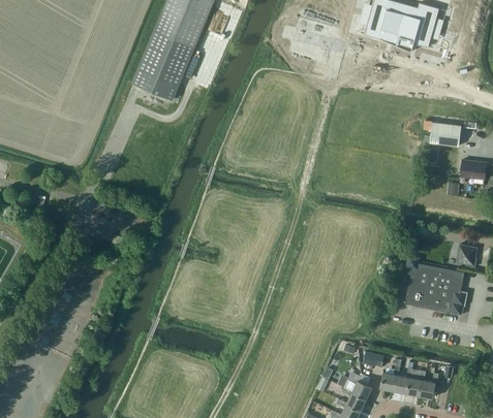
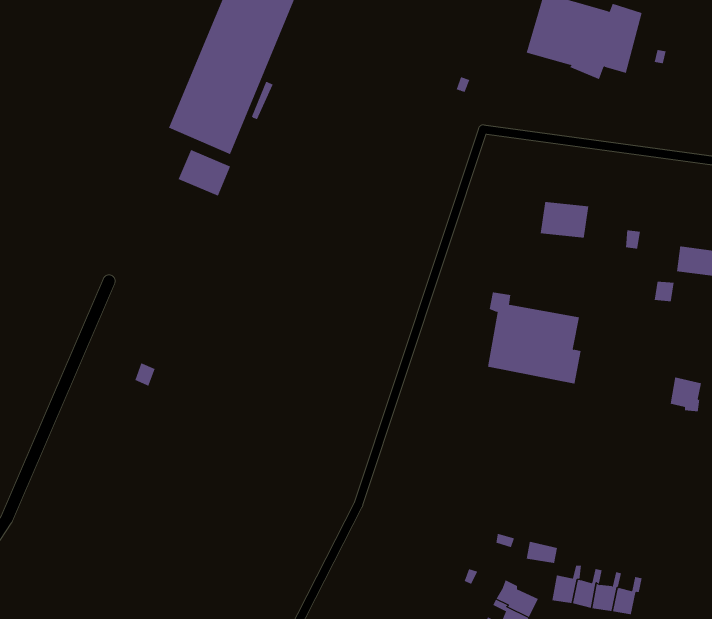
building: none -> [178,149,231,196]
building: [430,123,462,147] -> [540,201,589,238]
building: [405,256,466,316] -> [487,292,582,384]

